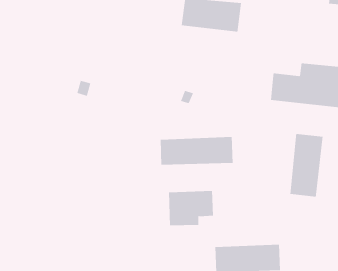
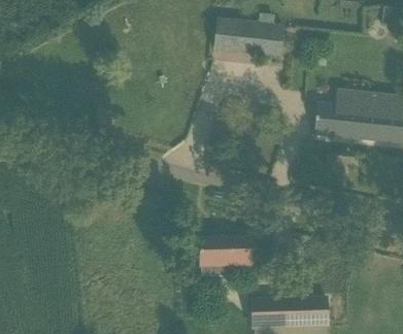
building: [290,133,323,197] -> none
building: [160,136,233,166] -> none

